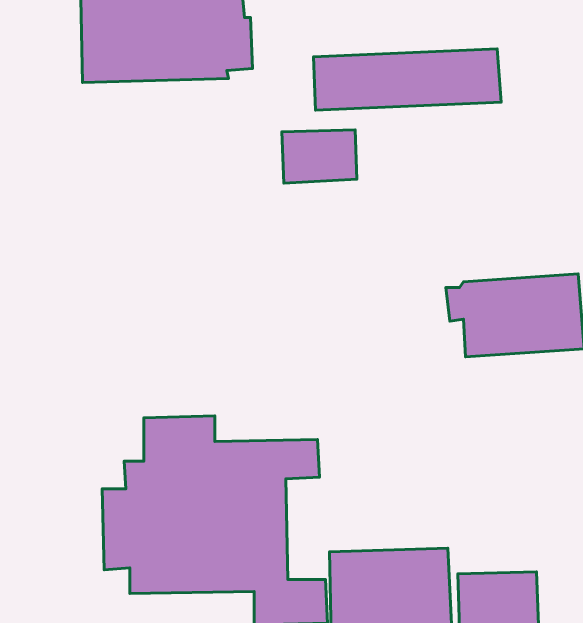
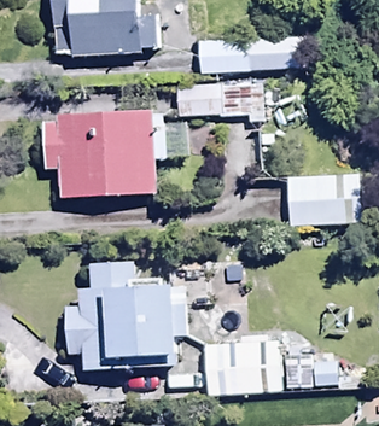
building: none -> [41,111,187,198]

